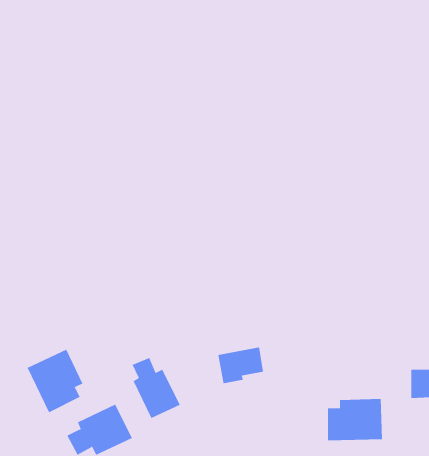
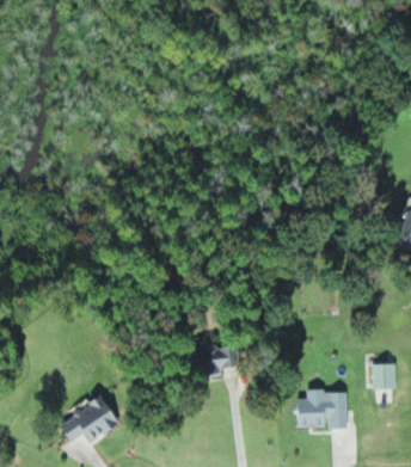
building: [27,349,83,413] -> none
building: [132,357,181,419] -> none

